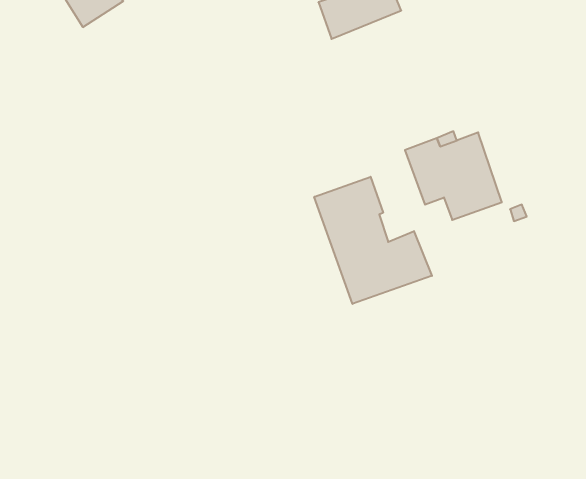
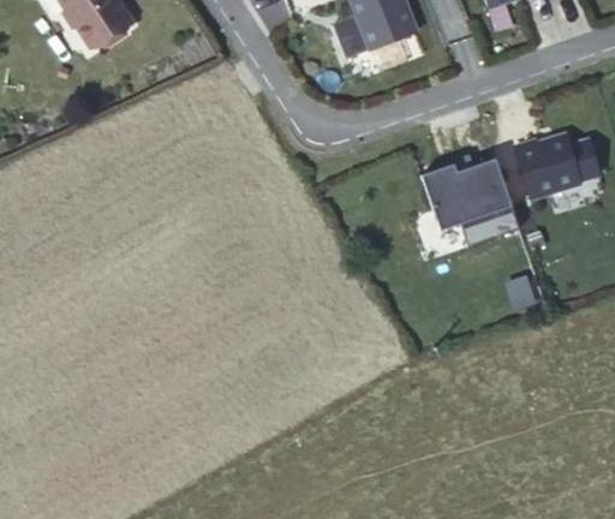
building: none -> [517,135,598,198]
building: [314,177,432,304] -> none

